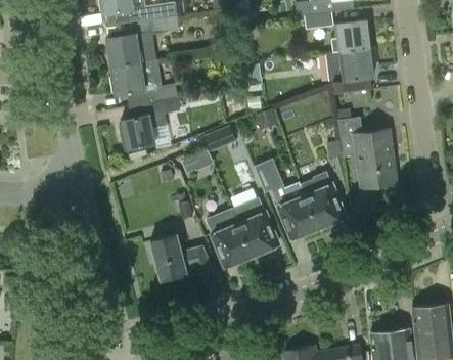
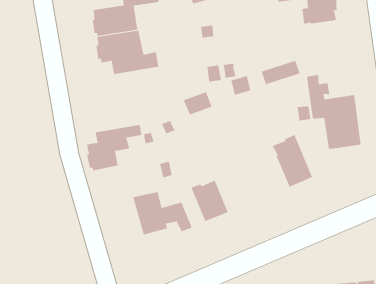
building: [328,49,374,94] -> none
building: [120,99,180,149] -> [86,125,142,171]
building: [254,159,318,239] -> none
building: [232,197,278,256] -> none

